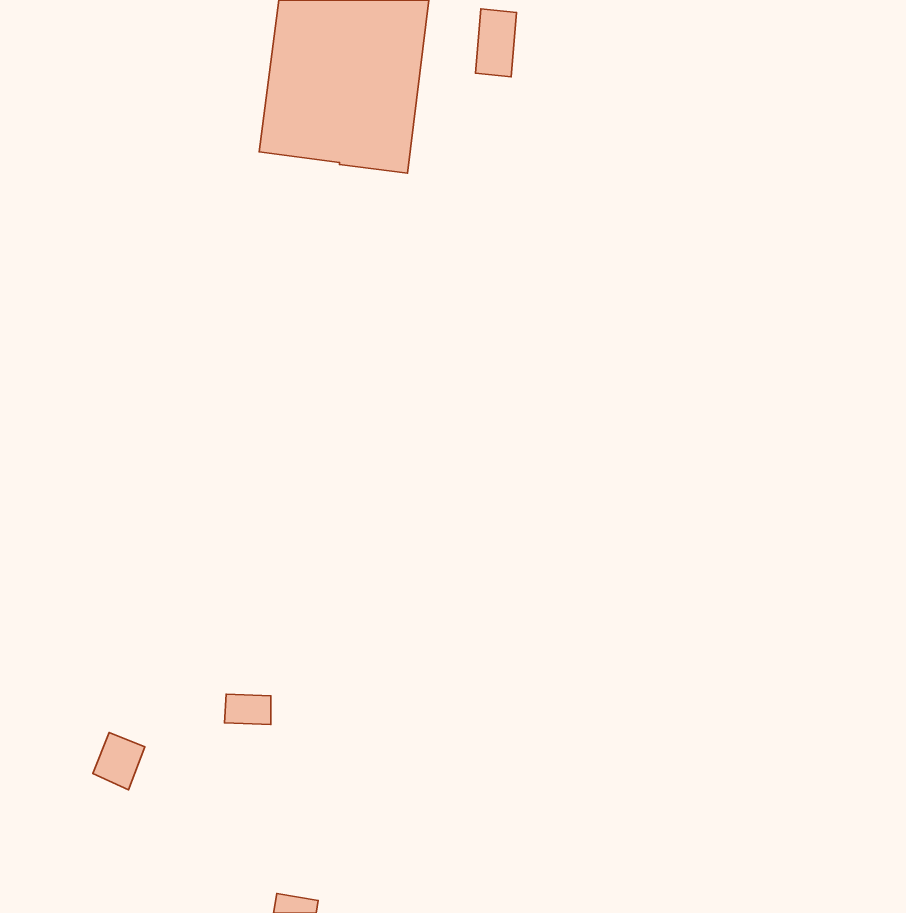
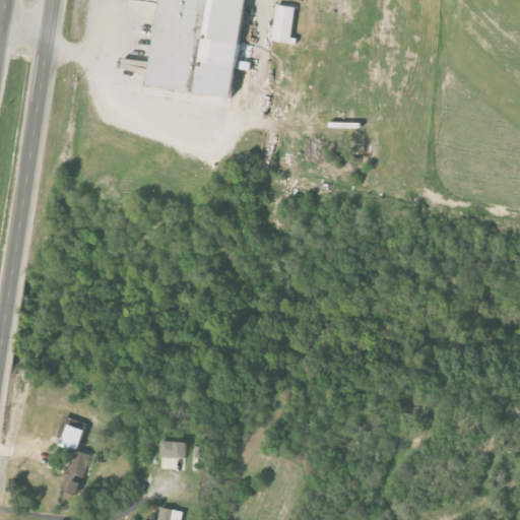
building: [224,694,271,725] -> [157,442,184,459]
building: none -> [58,450,88,498]

